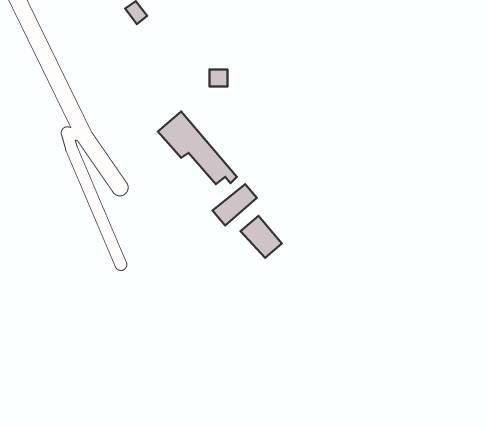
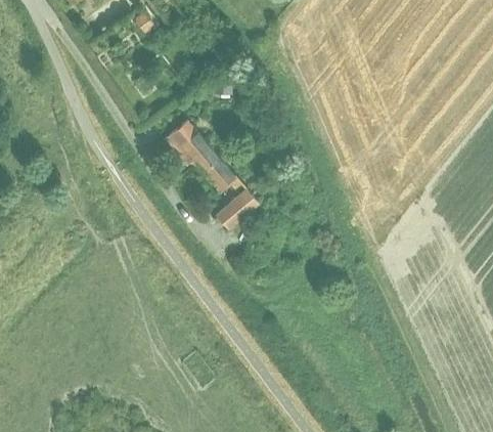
building: [240,216,282,258] -> none

